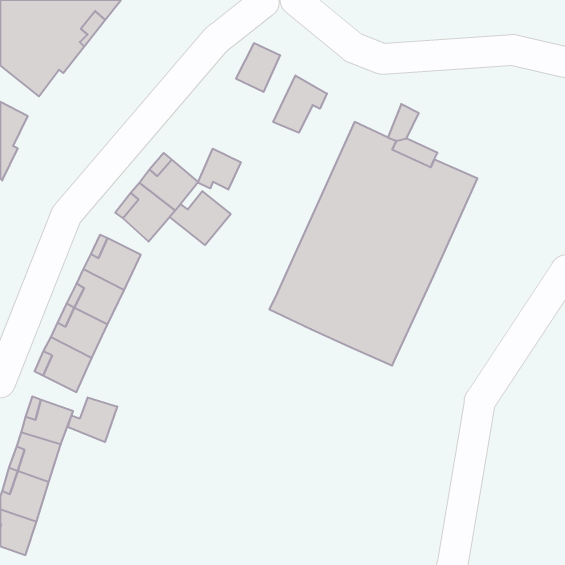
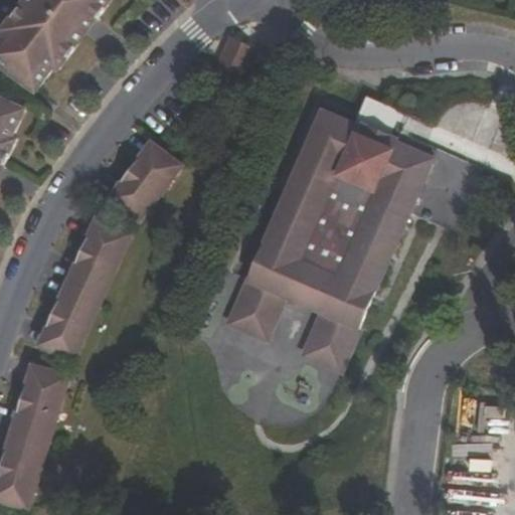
building: [273,75,327,133] -> none
building: [198,149,241,190] -> none
building: [170,191,231,245] -> none
building: none -> [226,282,284,340]
building: none -> [302,317,357,372]
building: [68,397,117,442] -> none

